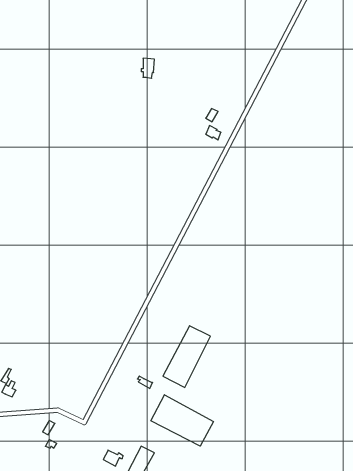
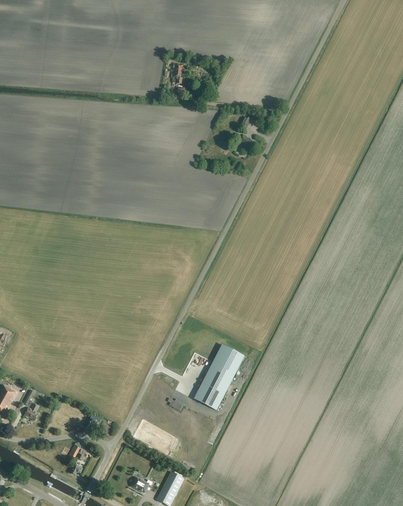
building: [151,395,213,446] -> none

